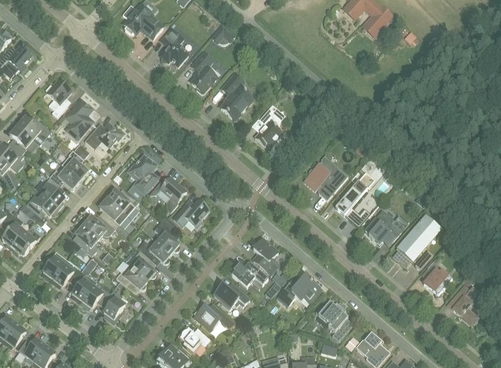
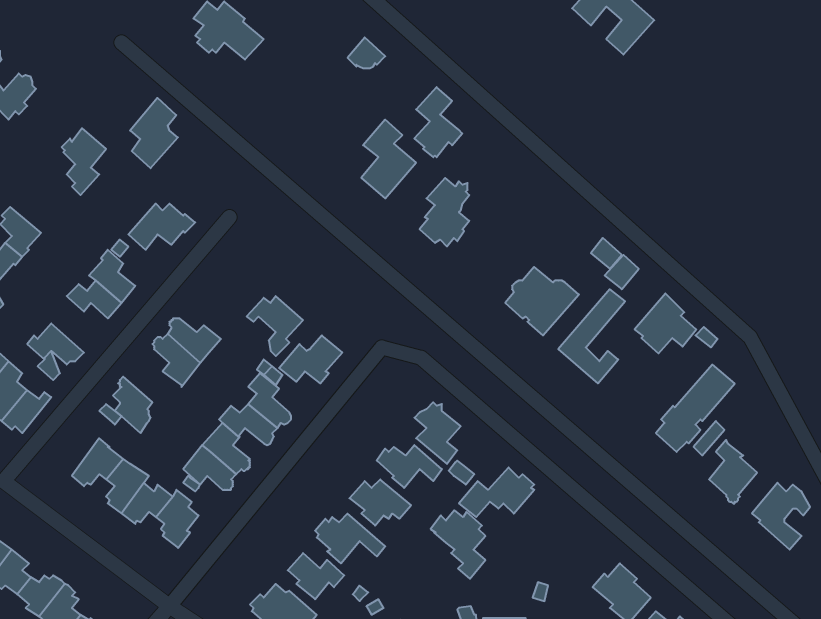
building: [160,27,188,66] -> none
building: [190,52,218,93] -> [414,87,462,157]
building: [65,98,93,139] -> [130,98,178,168]
building: [15,115,51,139] -> none
building: [127,155,158,193] -> none
building: [39,177,64,209] -> none
building: [364,209,400,244] -> [635,293,696,353]
building: [81,216,115,238] -> none
building: [42,251,67,281] -> none
building: [315,301,347,341] -> [431,510,485,579]

